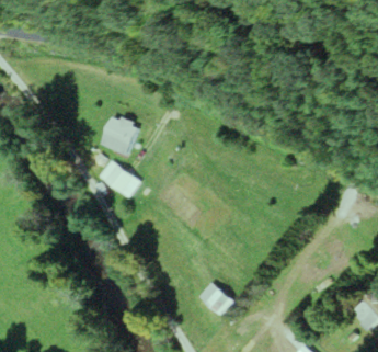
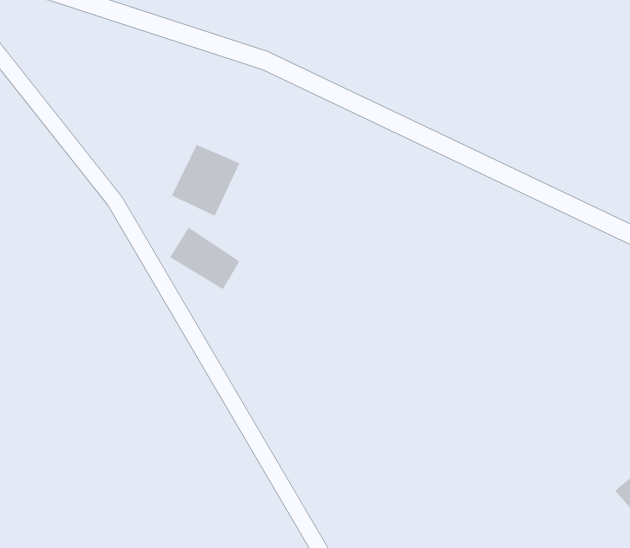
building: [199,283,233,317] -> none

